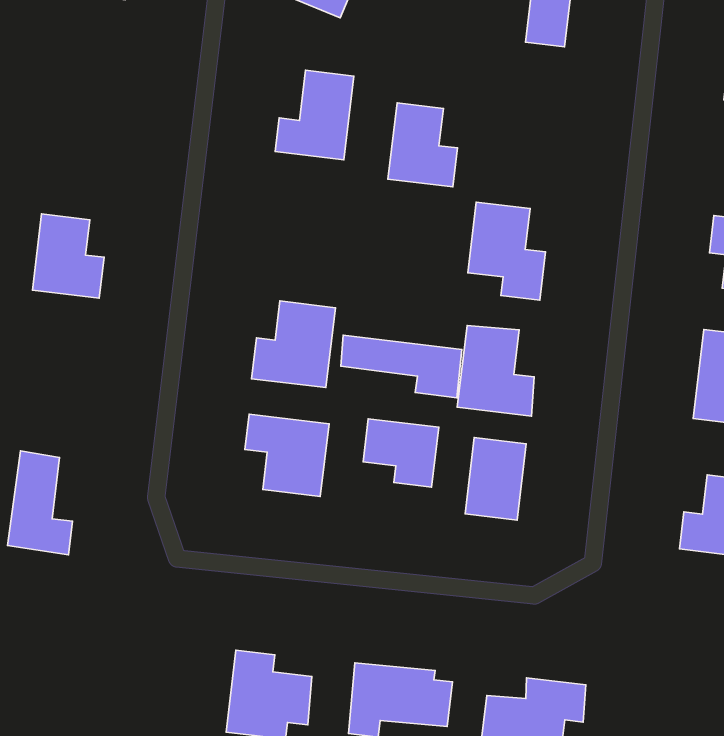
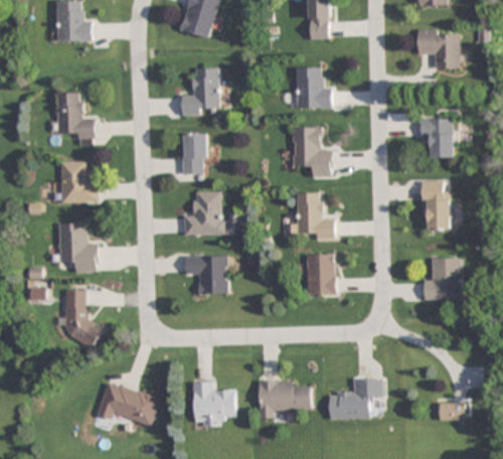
building: none -> [56,93,94,136]
building: [388,103,458,187] -> [296,66,331,108]
building: none -> [182,133,207,174]
building: none -> [58,222,96,272]
building: [341,335,462,398] -> none
building: [363,419,439,487] -> none
building: none -> [96,380,158,425]

